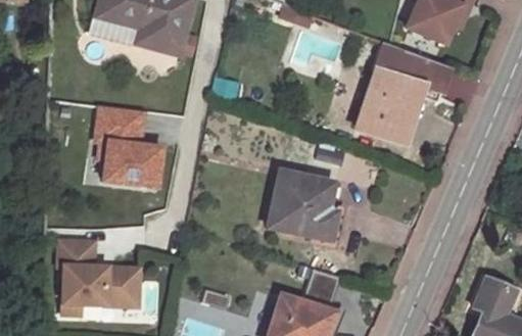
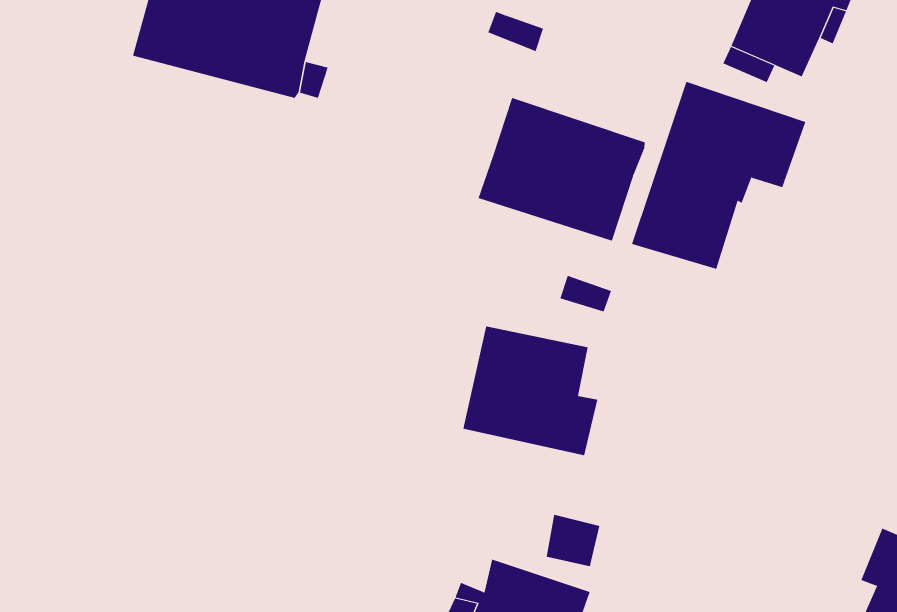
building: none -> [478,97,645,242]
building: [94,105,159,187] -> none
building: [57,241,138,315] -> none

